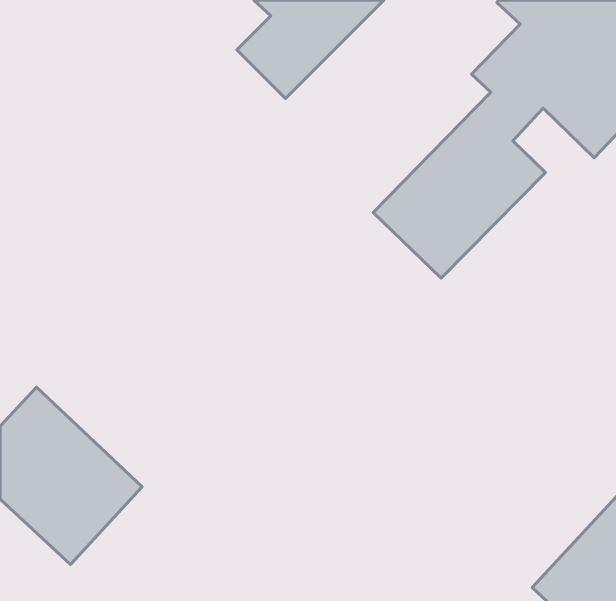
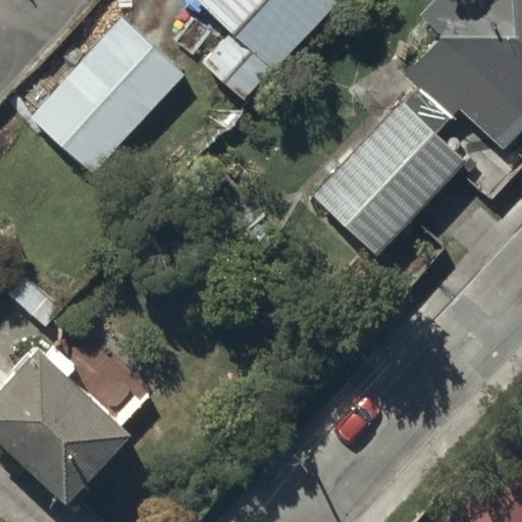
building: none -> [30,21,185,178]

